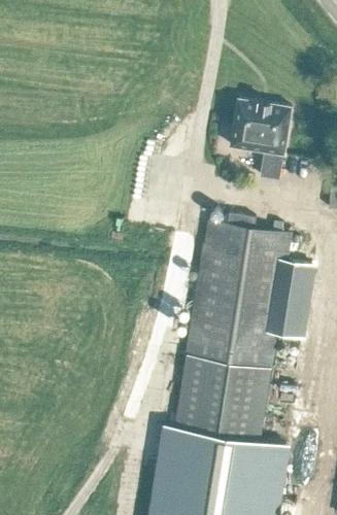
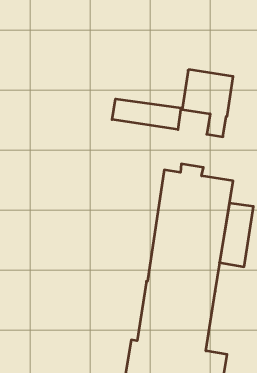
building: none -> [112,99,181,130]

